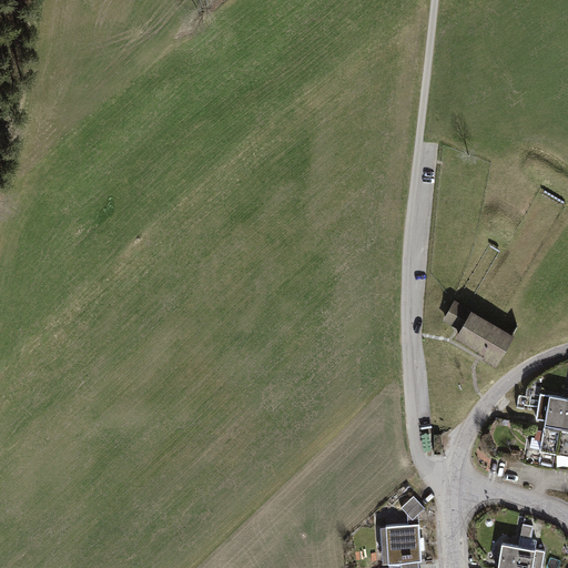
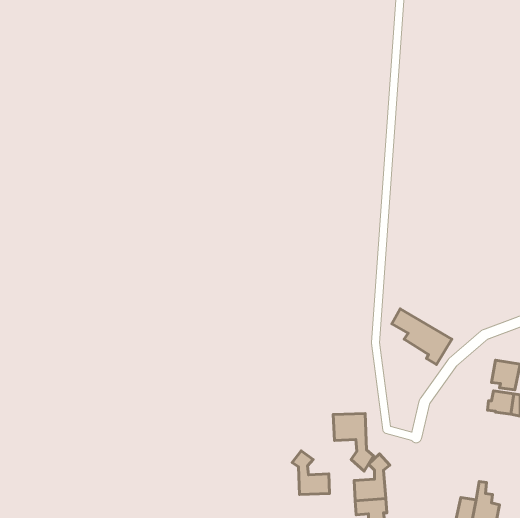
building: [446,304,511,365] -> [392,309,452,365]
building: none -> [333,413,373,471]
building: none -> [292,451,330,494]

